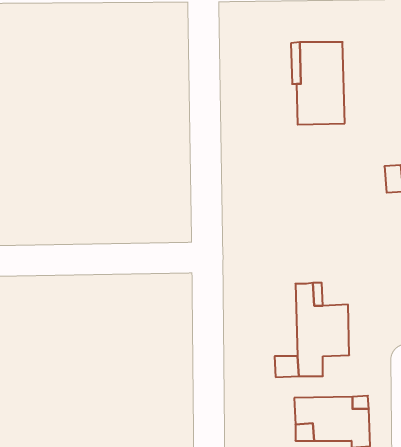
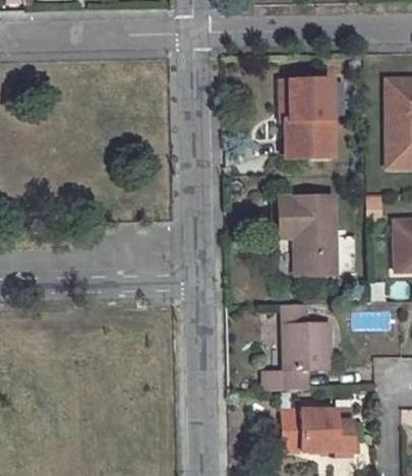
building: none -> [278,194,345,274]

